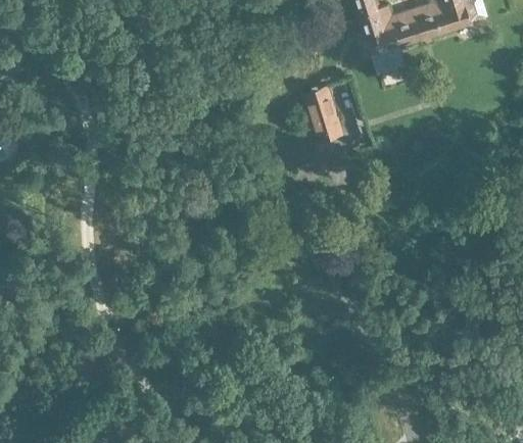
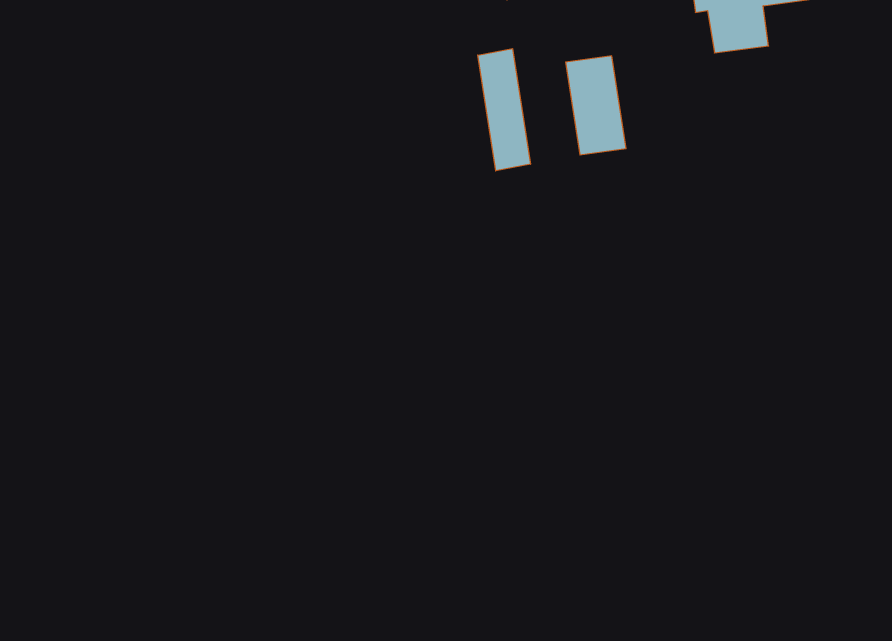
building: none -> [478,49,530,171]

